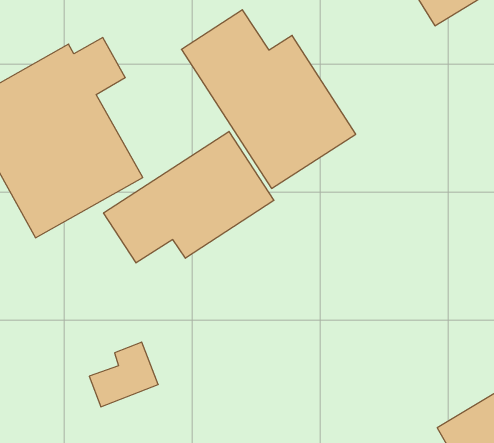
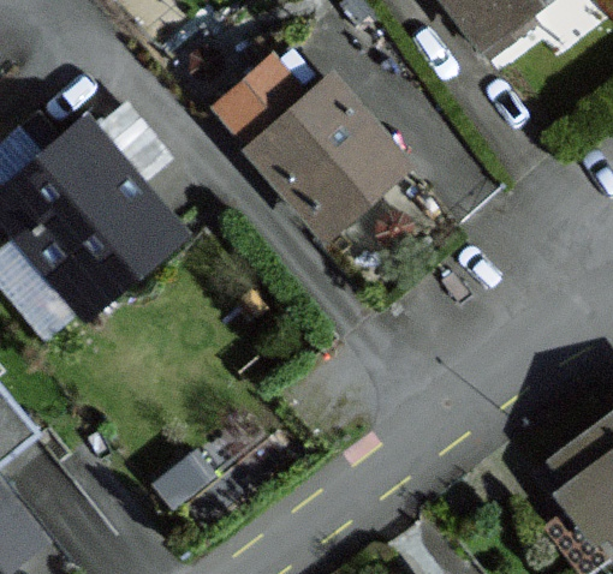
building: [104,131,274,263] -> none

